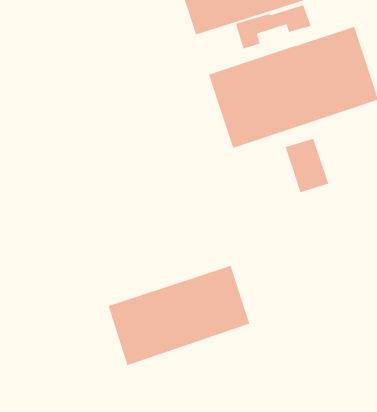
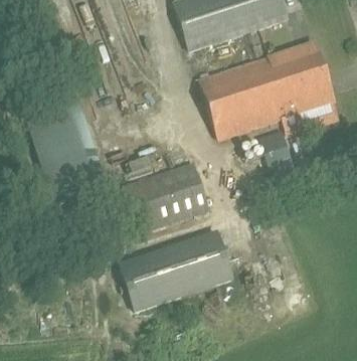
building: none -> [123,162,209,231]

